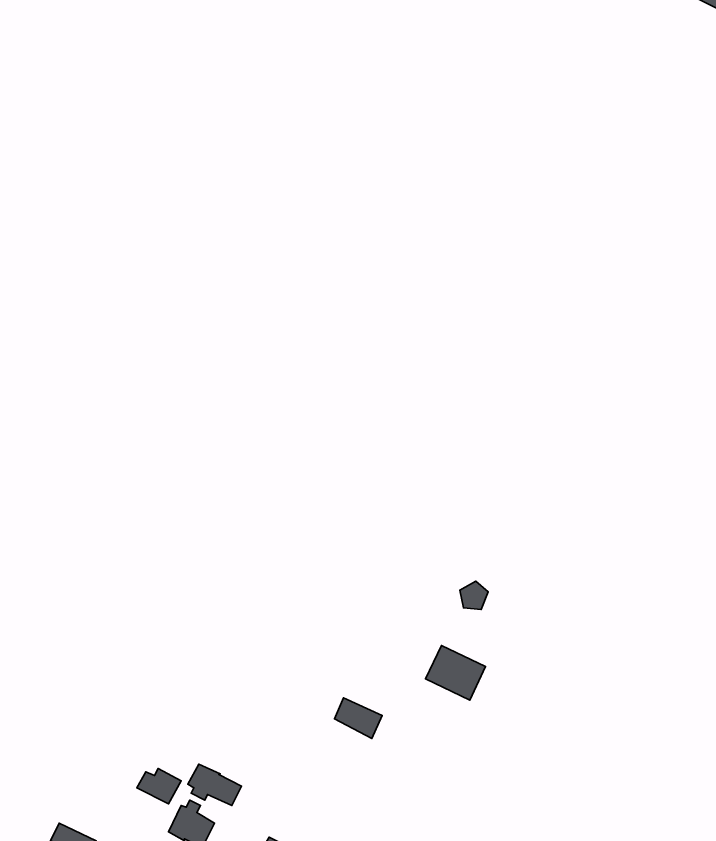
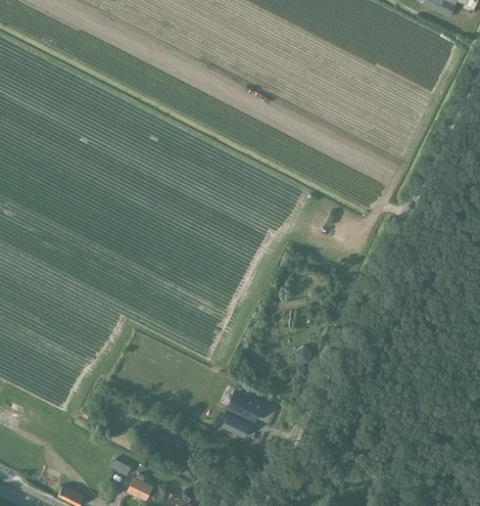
building: [426,645,486,700] -> [230,390,265,422]
building: [188,764,242,805] -> none

